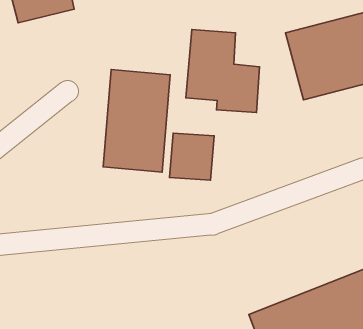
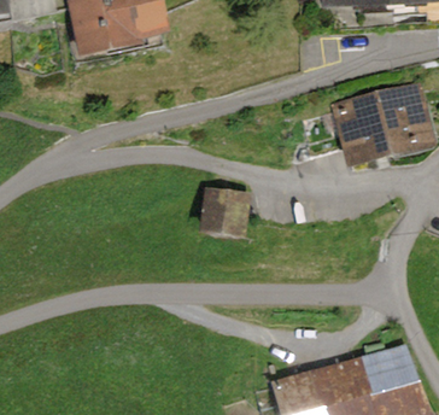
building: [186,29,260,113] -> none
building: [103,70,170,172] -> none

